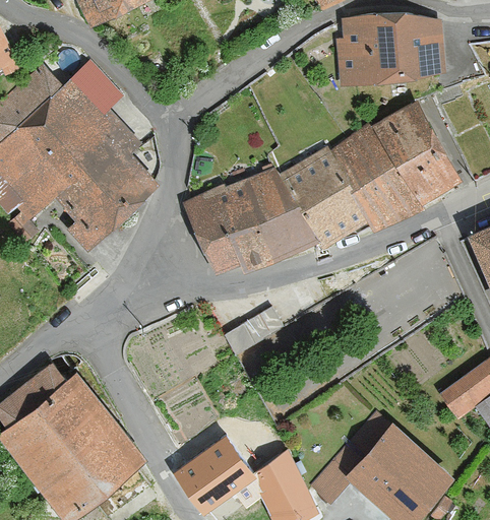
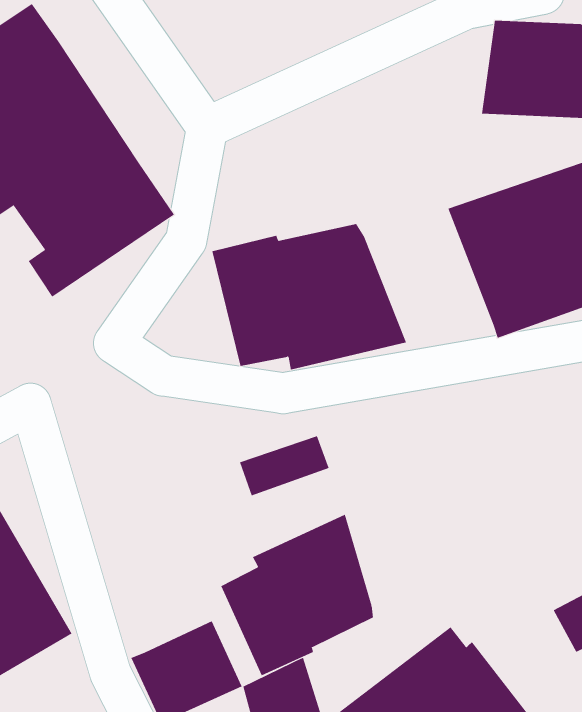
building: [65,65,140,154] -> none
building: [281,146,372,248] -> none
building: none -> [220,514,374,676]

